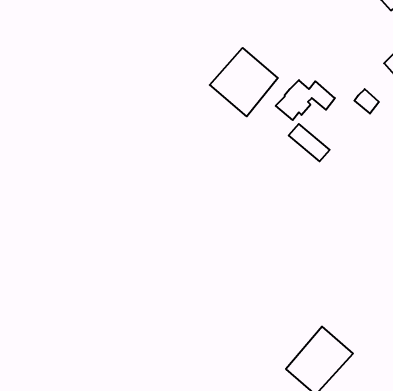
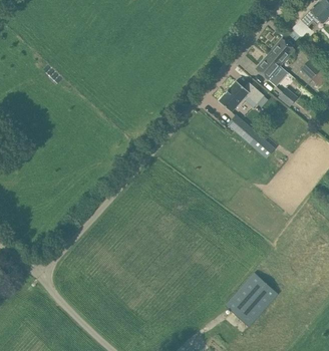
building: none -> [256,38,294,86]
building: [210,48,278,116] -> none

